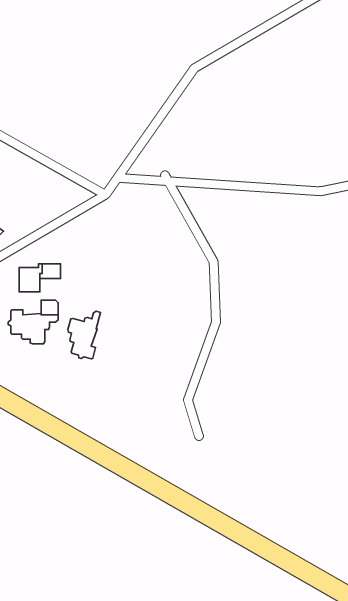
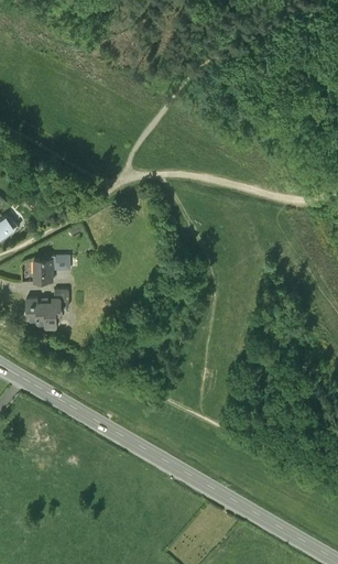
building: [68,311,100,359] -> none

